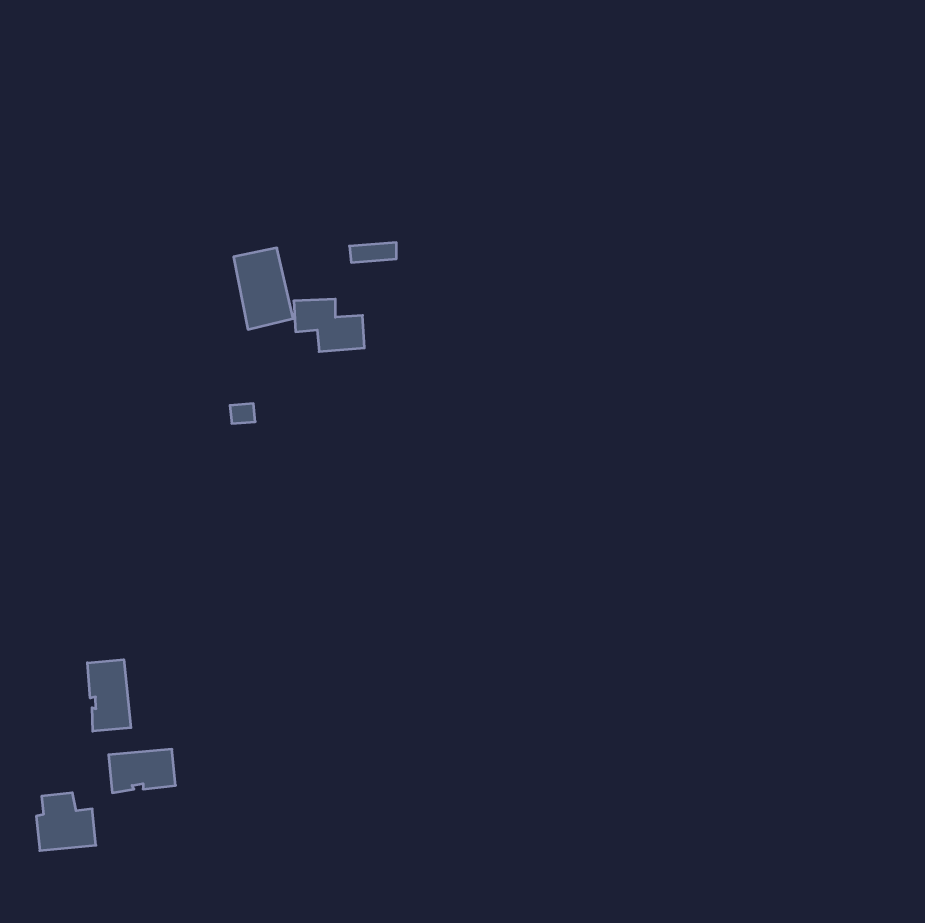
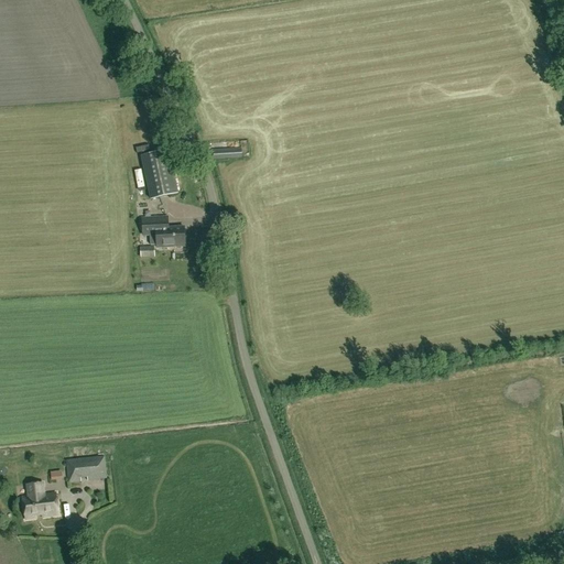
building: [294,299,364,352] -> [142,216,185,248]
building: [87,660,131,731] -> none

